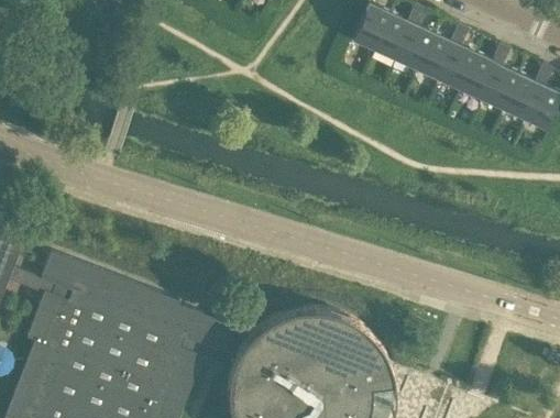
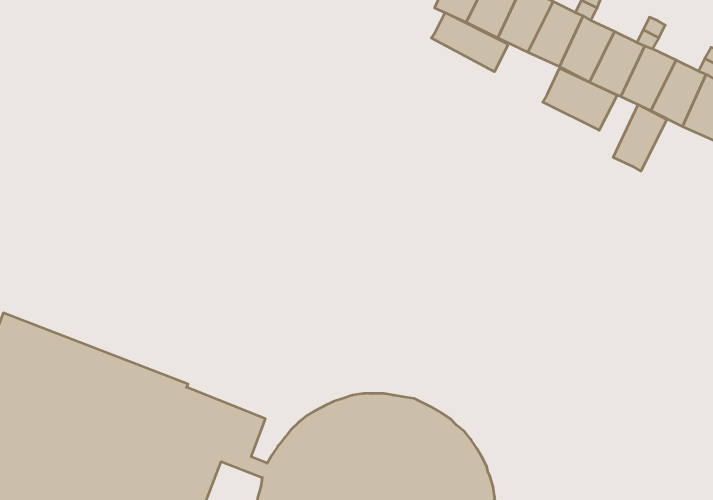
building: none -> [431,13,508,72]
building: none -> [543,68,617,130]
building: none -> [613,105,667,171]

